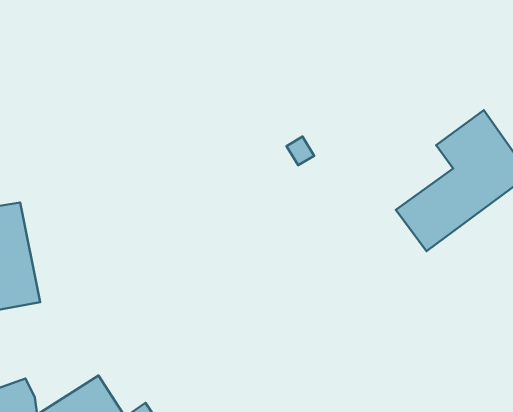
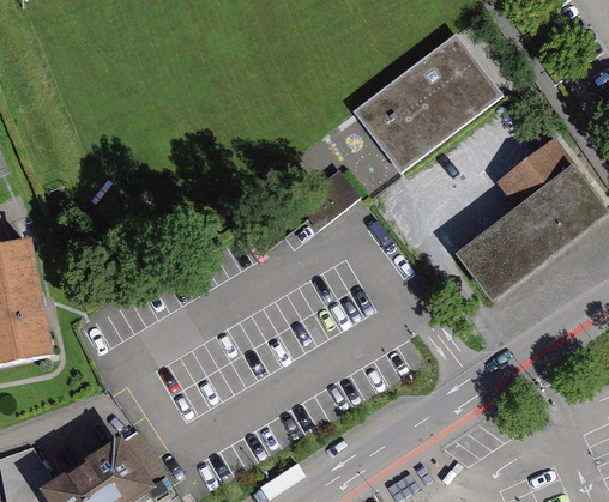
building: none -> [352,30,506,173]

